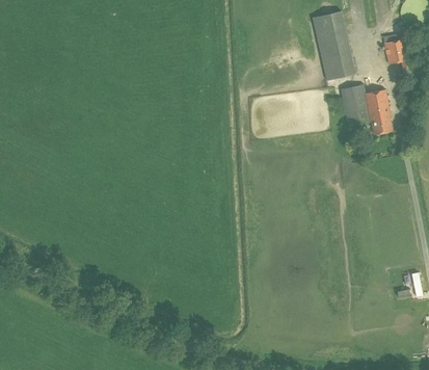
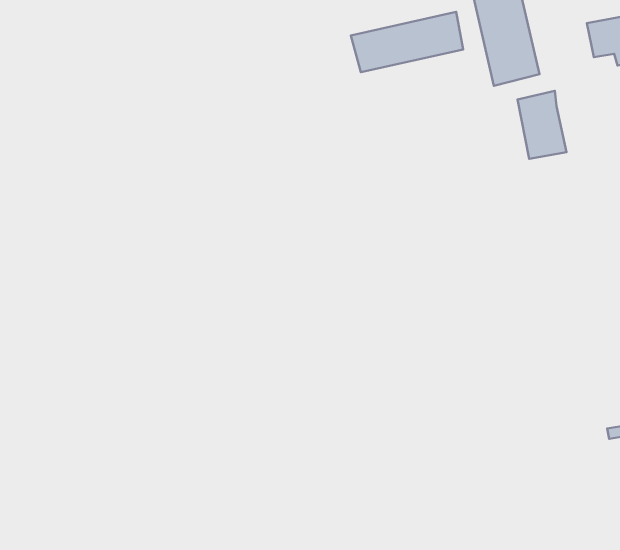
building: none -> [351,12,463,72]
building: [365,88,392,133] -> none

